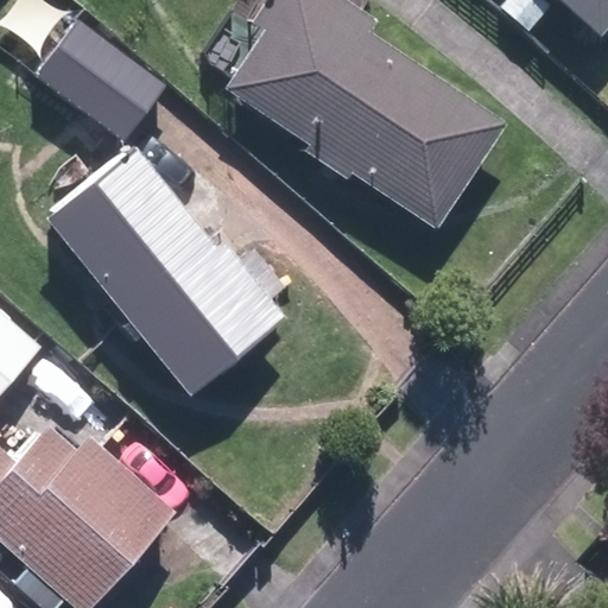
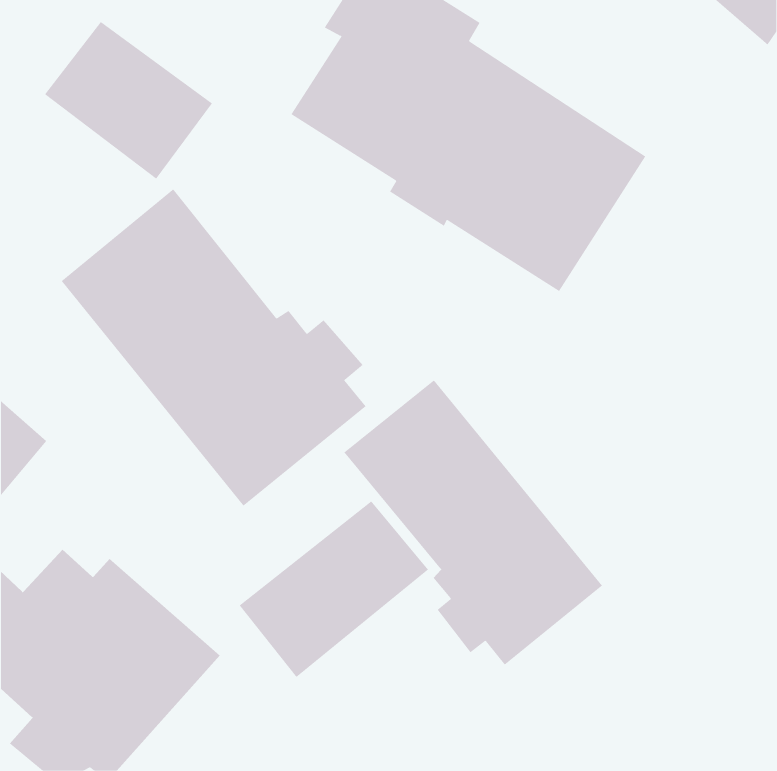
building: none -> [344,379,603,666]
building: none -> [239,501,429,678]

